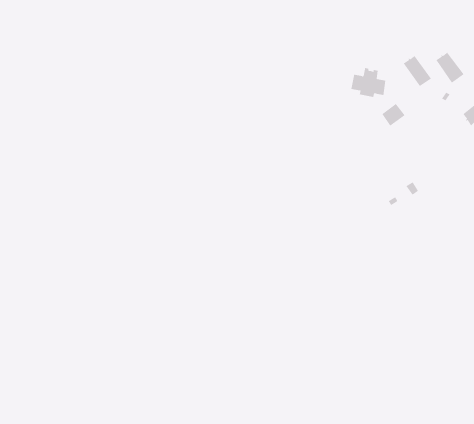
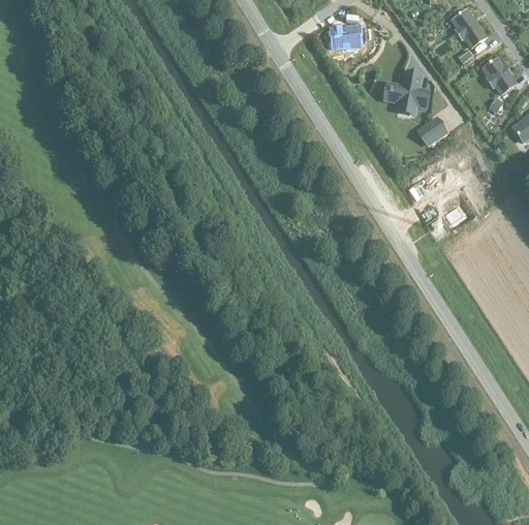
building: none -> [330,26,360,50]
building: [403,55,432,87] -> [452,10,484,45]

